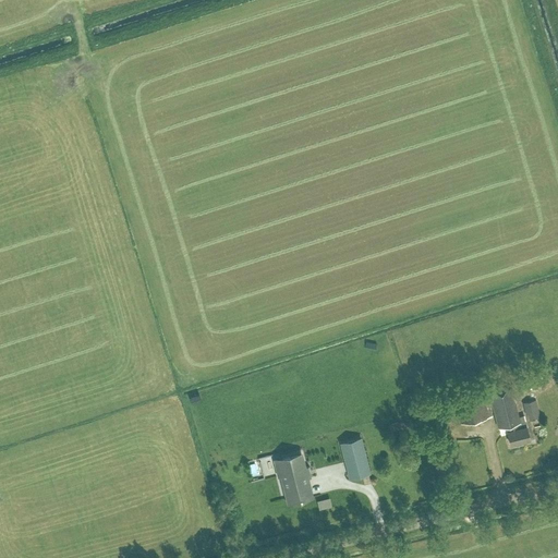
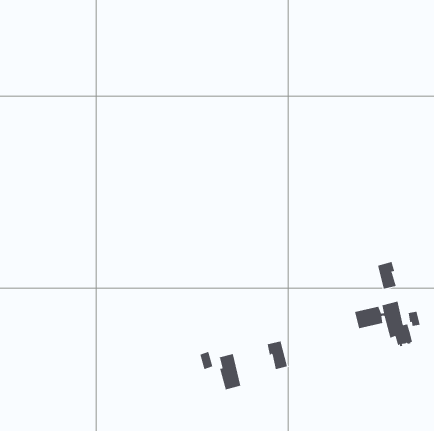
building: none -> [377,261,396,290]

